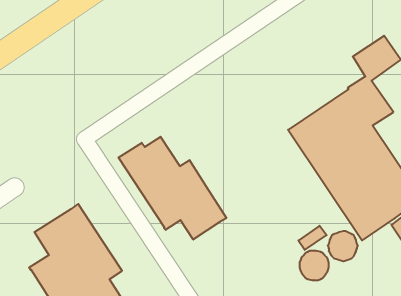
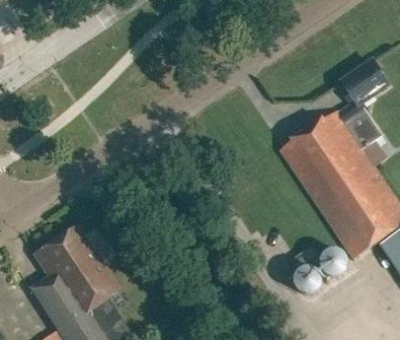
building: [119,137,226,240] -> none

